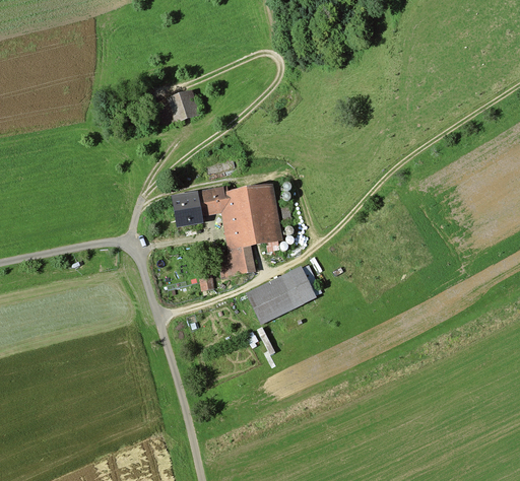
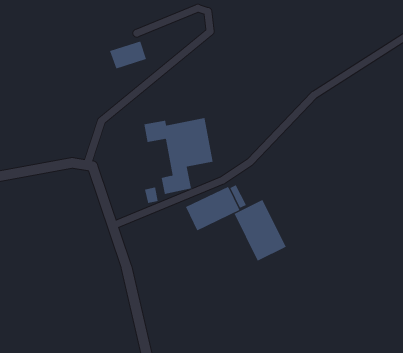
building: [172,193,200,225] -> none
building: none -> [234,199,286,261]

